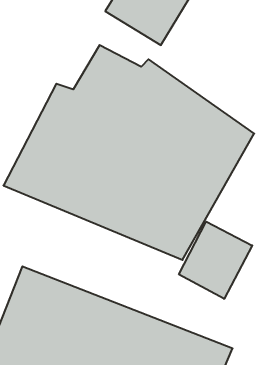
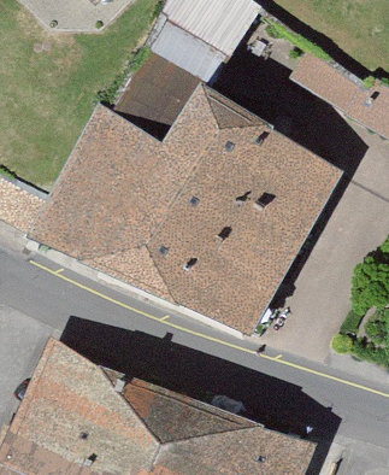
building: [179,222,252,299] -> none

